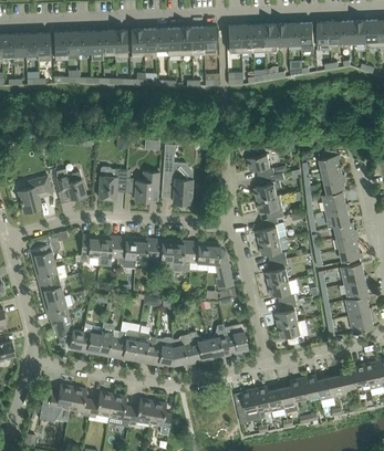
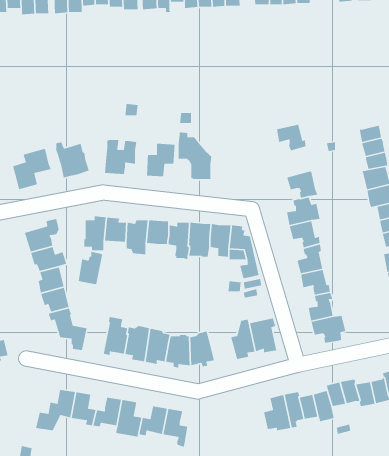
building: [253,172,284,201] -> none
building: [80,325,102,355] -> [78,251,103,285]
building: [187,332,212,361] -> none

